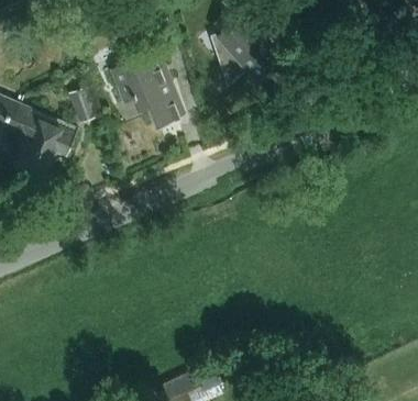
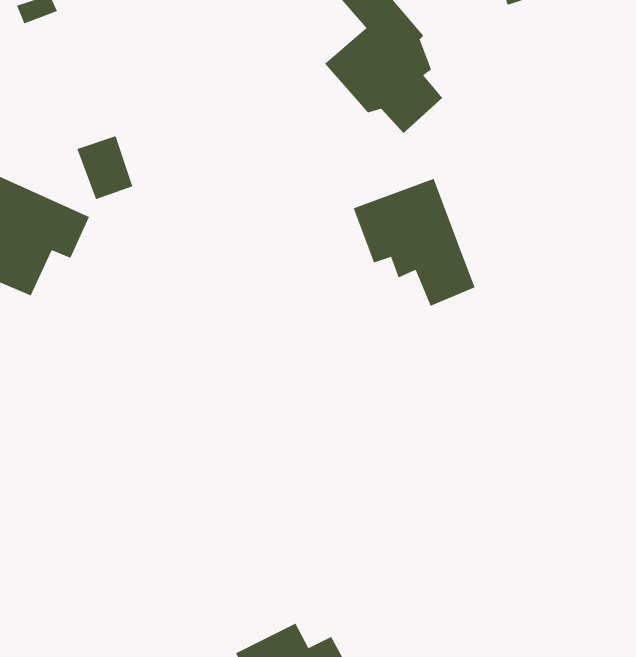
building: [112,53,184,127] -> [353,178,476,306]

